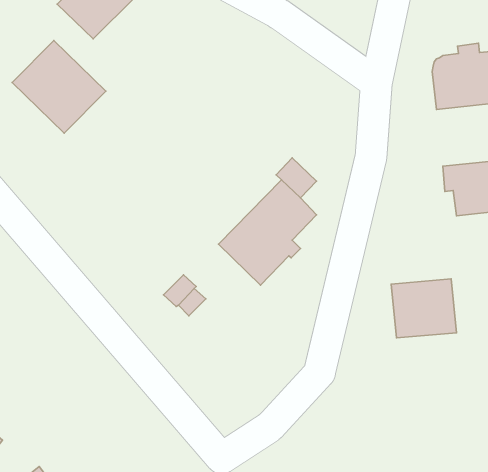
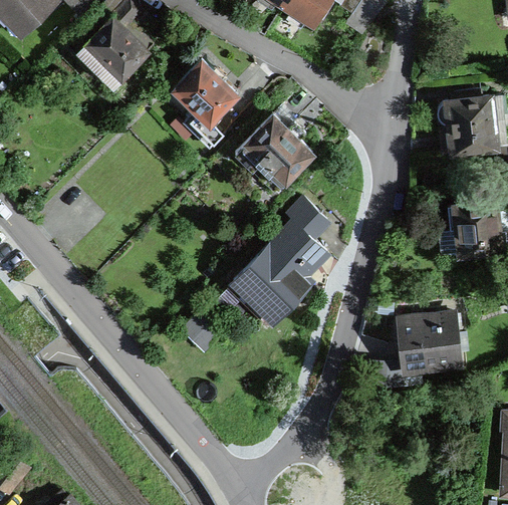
building: none -> [174,61,238,148]
building: [12,41,106,133] -> none
building: none -> [236,114,313,192]

